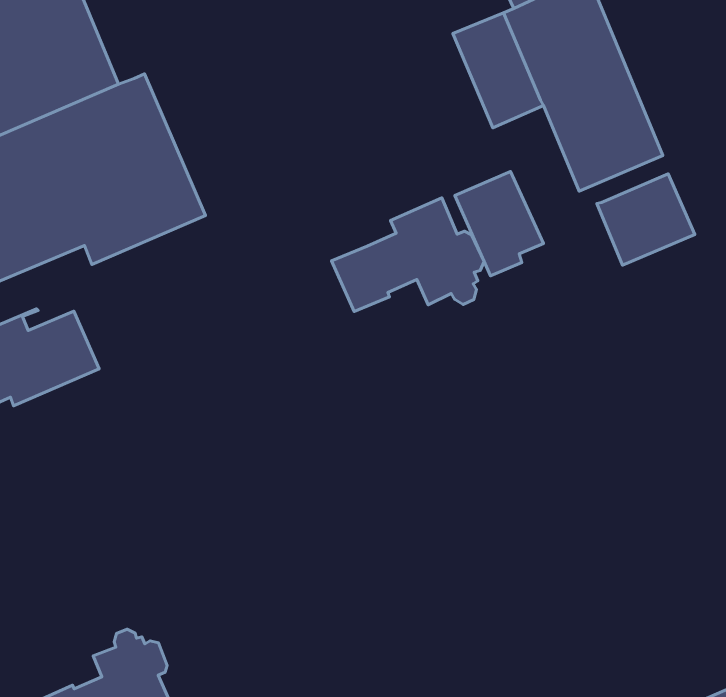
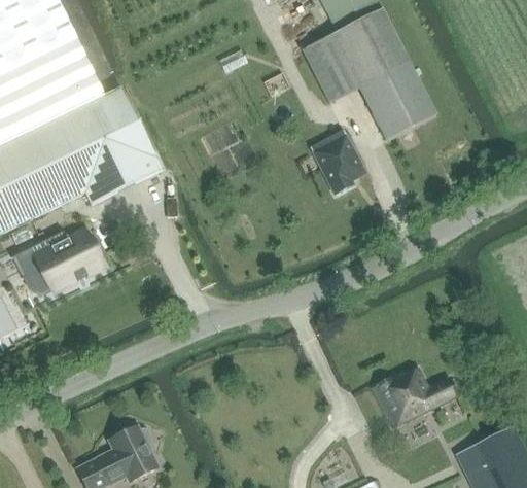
building: [597,174,695,265] -> none
building: [332,198,484,312] -> none
building: none -> [372,368,458,428]

